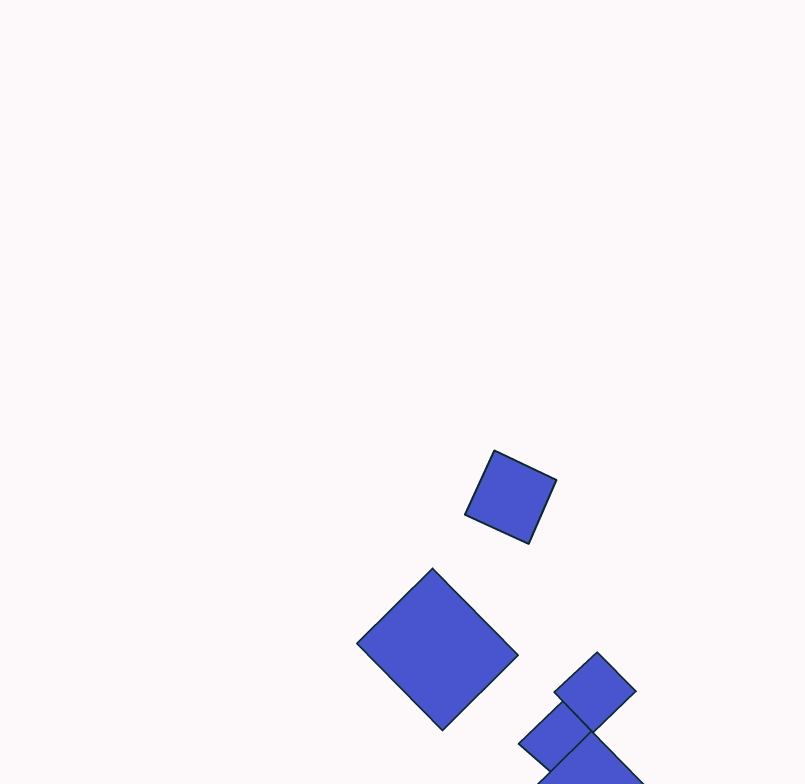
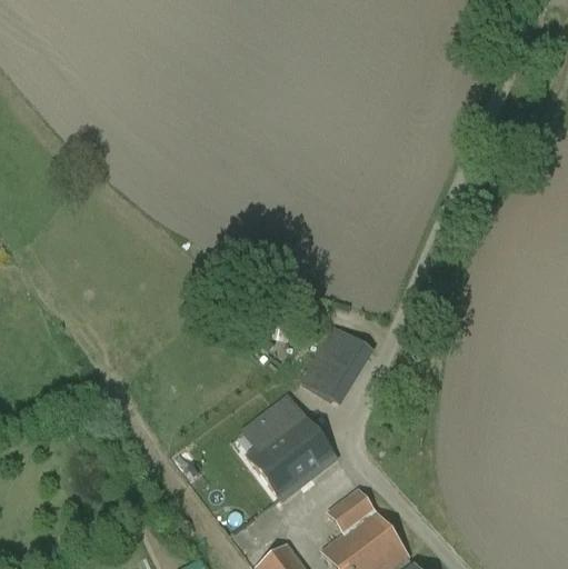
building: none -> [303,365,351,405]
building: [554,652,636,732] -> none

